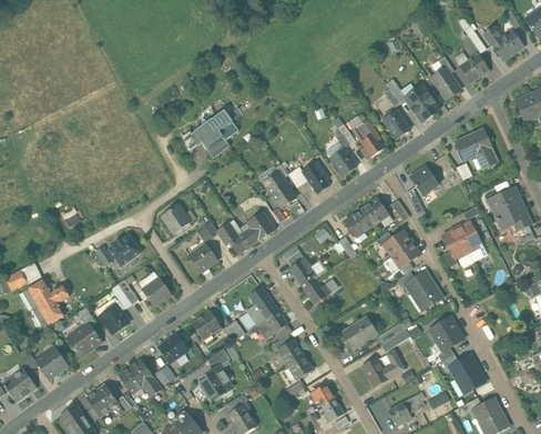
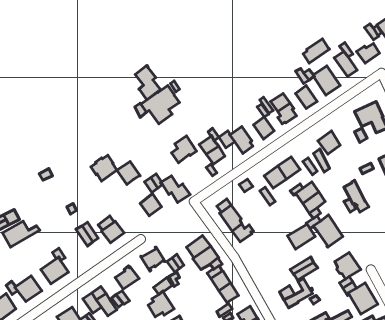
building: none -> [303,39,330,63]
building: none -> [135,65,161,100]
building: [243,212,274,245] -> [171,136,196,163]
building: [456,222,487,261] -> none
building: [108,234,140,266] -> [91,155,117,181]
building: [31,290,69,326] -> none
building: [99,304,129,334] -> none
building: [340,319,375,350] -> [287,224,315,249]

